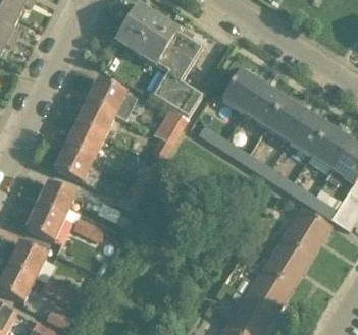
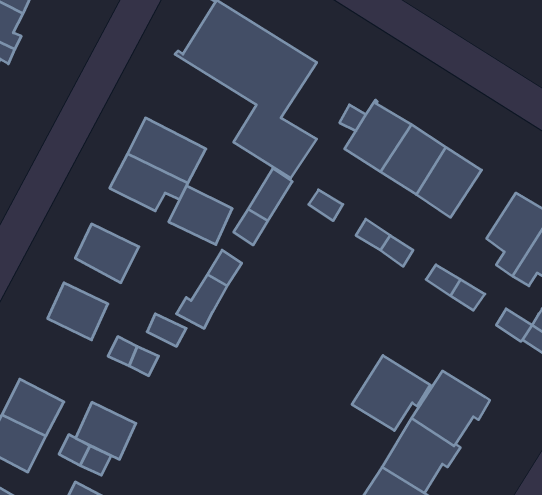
building: [288,112,328,155] -> none
building: [63,123,103,160] -> [169,186,232,245]
building: [25,205,63,240] -> [76,402,136,459]
building: [283,207,331,254] -> [352,355,430,431]

